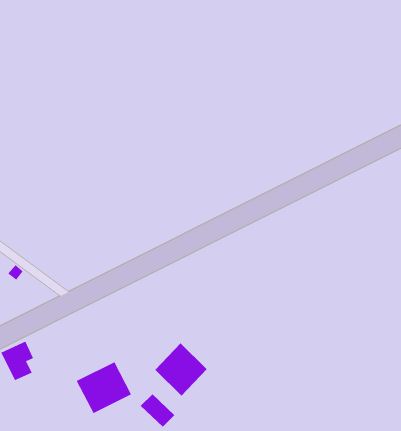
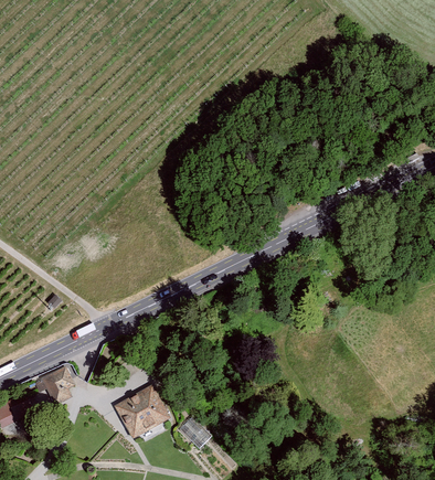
building: [154,343,208,396] -> none

